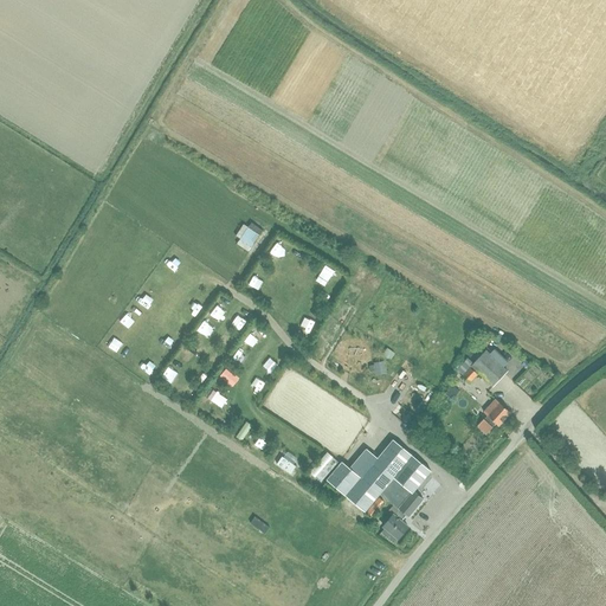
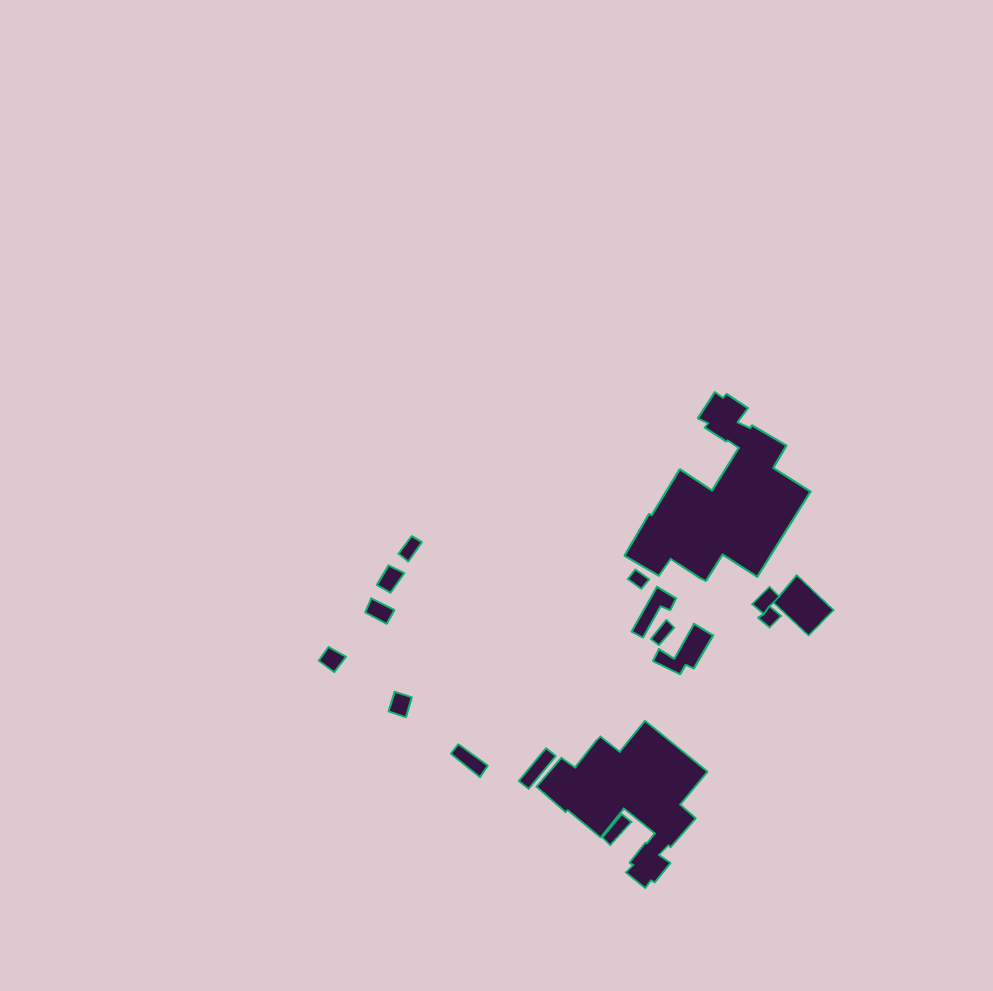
building: none -> [625,392,811,581]
building: [475,399,508,433] -> none

